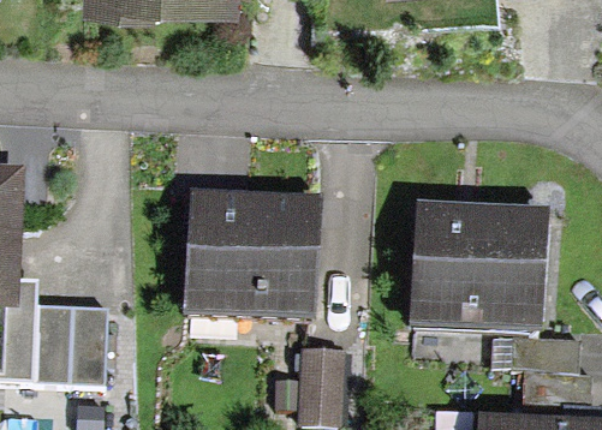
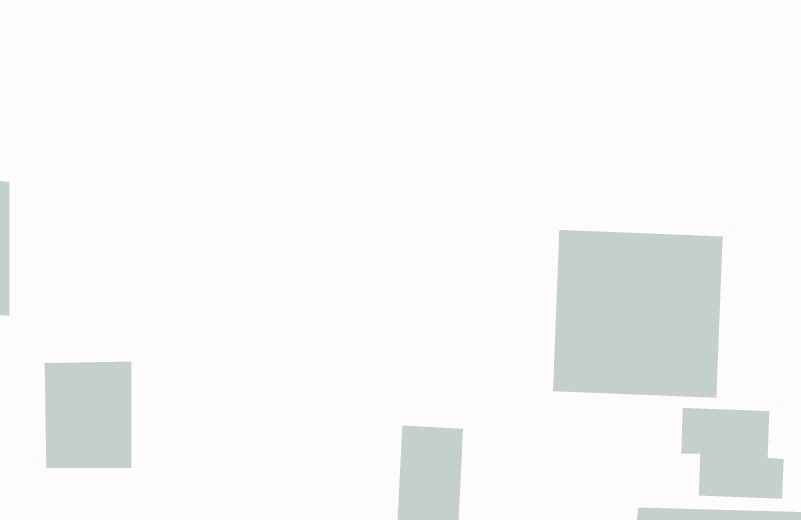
building: [185,192,316,317] -> none

